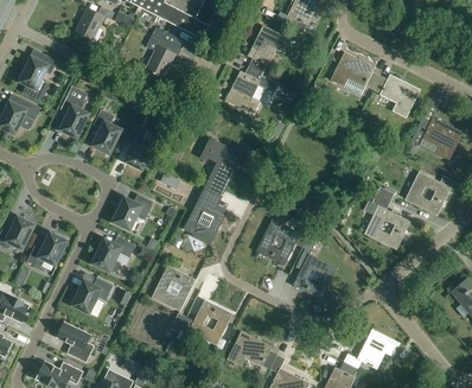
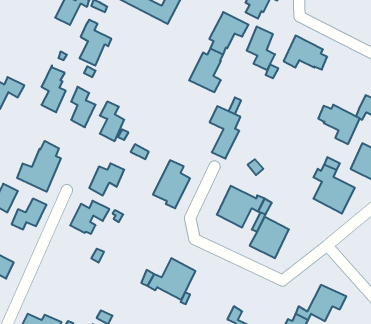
building: [145,26,180,77] -> [79,20,111,66]
building: none -> [247,26,275,70]
building: [19,53,57,88] -> none
building: [372,74,419,117] -> [318,105,360,144]
building: [200,139,235,197] -> [210,106,240,159]
building: none -> [17,141,61,192]
building: [151,265,194,311] -> none
building: [71,276,111,316] -> none
building: [56,322,93,361] -> none
building: [227,330,274,367] -> none

